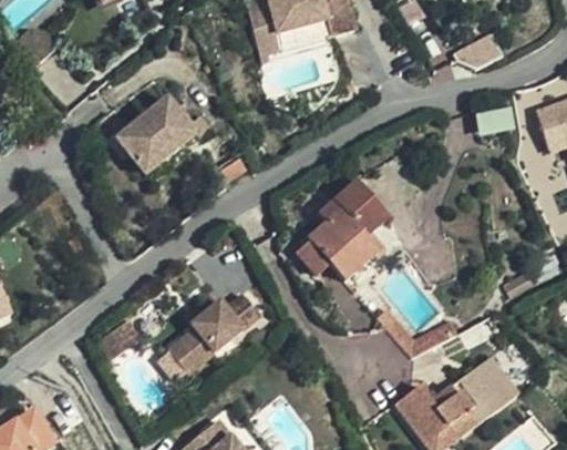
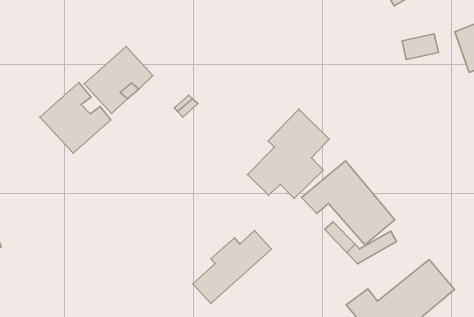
building: none -> [40,83,111,153]
building: none -> [301,161,395,245]
building: [156,307,247,386] -> [193,231,272,303]

